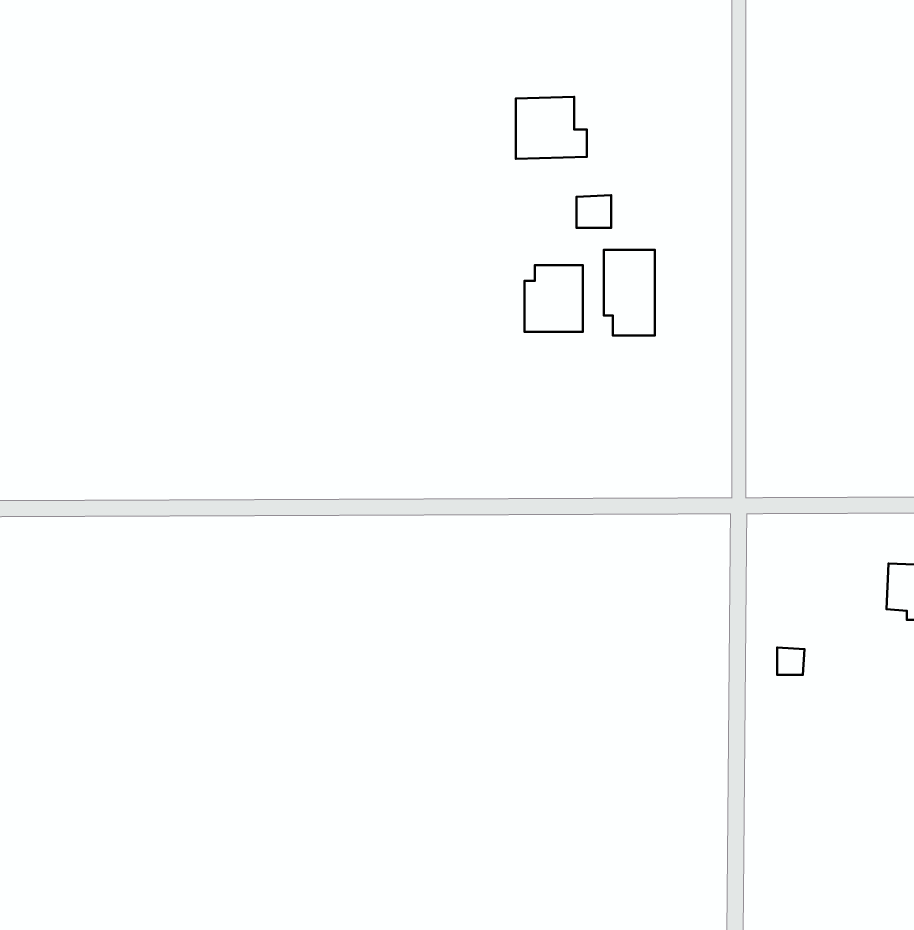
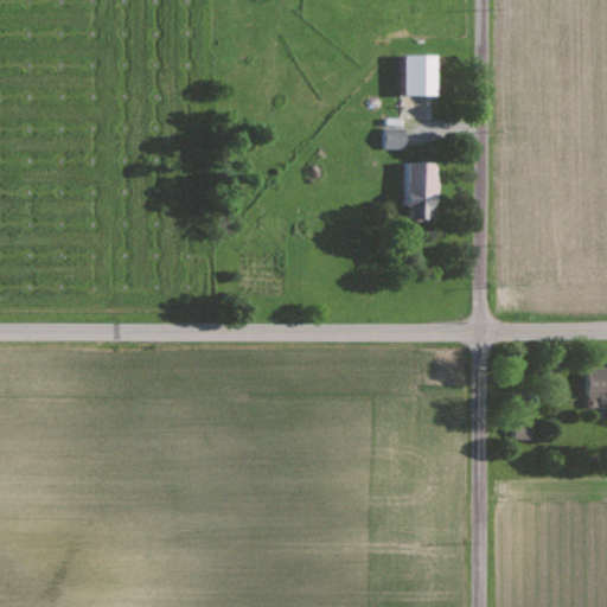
building: [516,97,587,159] -> [402,55,448,95]
building: [524,265,583,332] -> none

